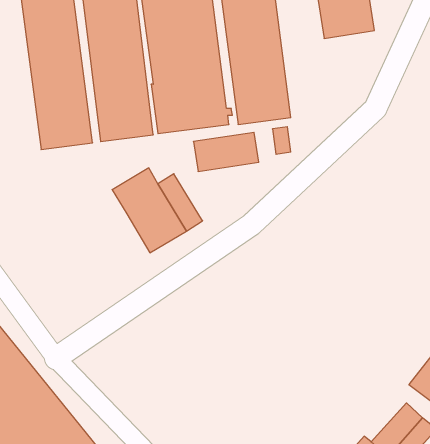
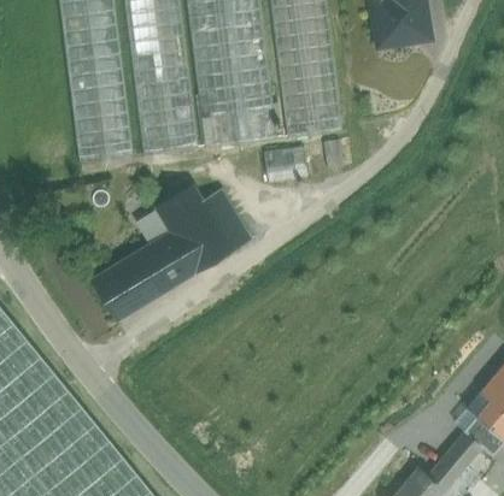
building: none -> [92,231,194,319]

